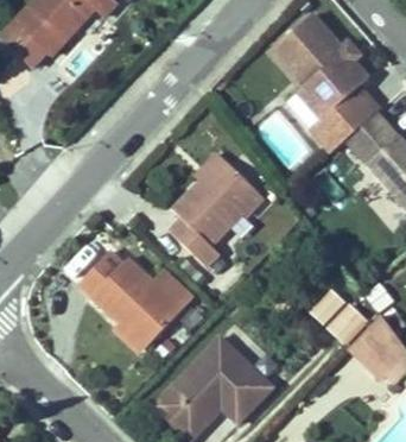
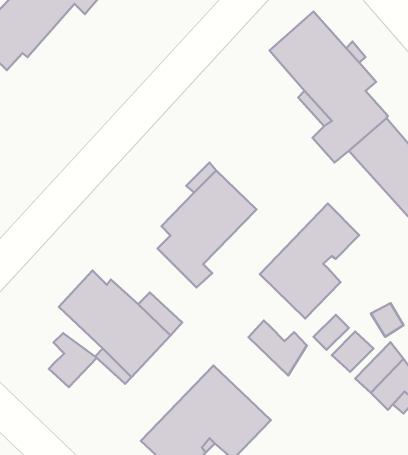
building: none -> [260,204,359,319]
building: none -> [248,320,307,375]
building: none -> [49,333,97,387]

